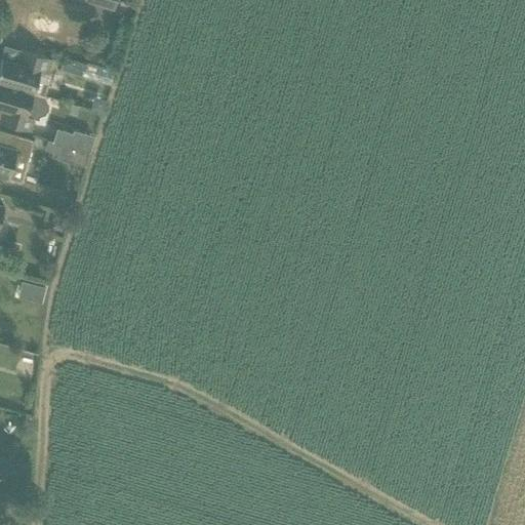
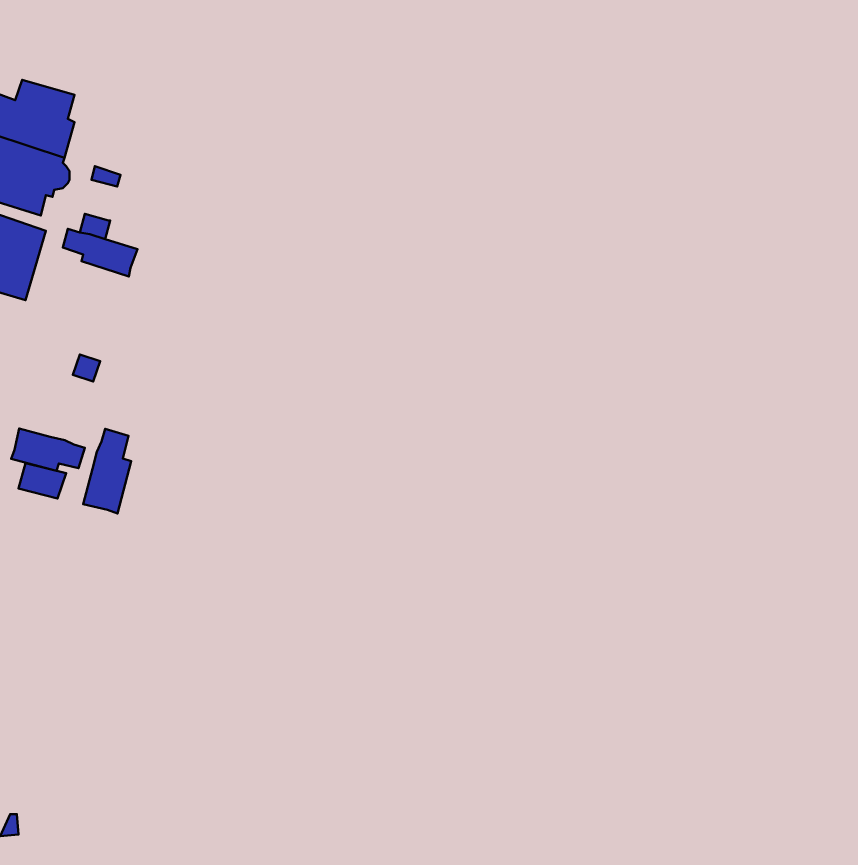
building: none -> [11,428,85,471]
building: none -> [83,429,131,514]

